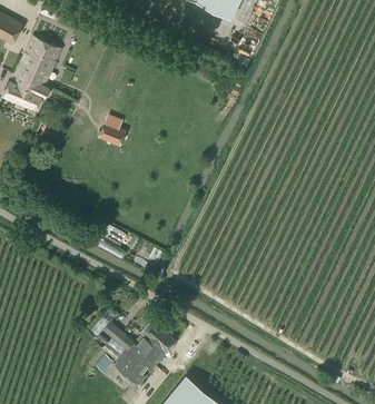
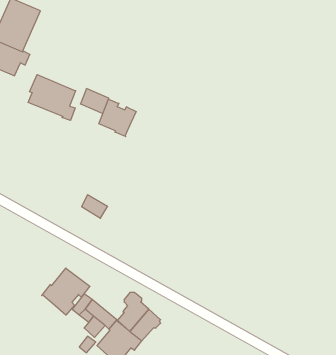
building: none -> [28,75,76,120]
building: none -> [99,99,136,137]
building: none -> [42,268,90,315]

